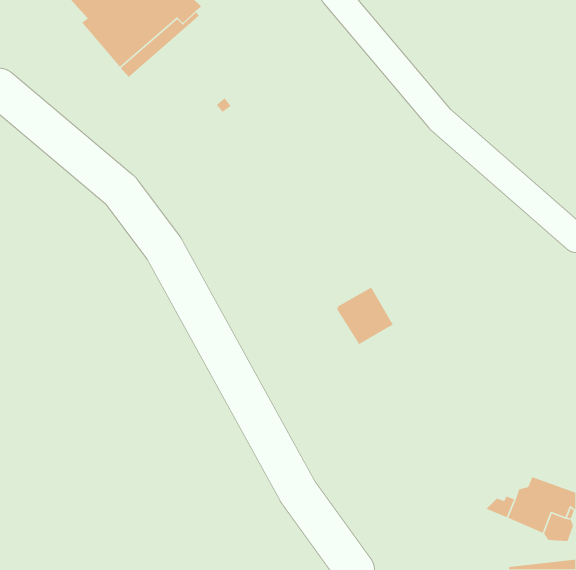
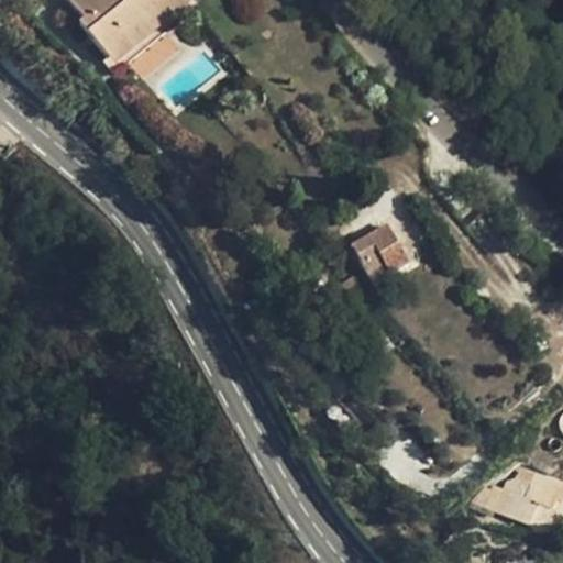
building: [336,287,394,345] -> [351,224,407,282]

